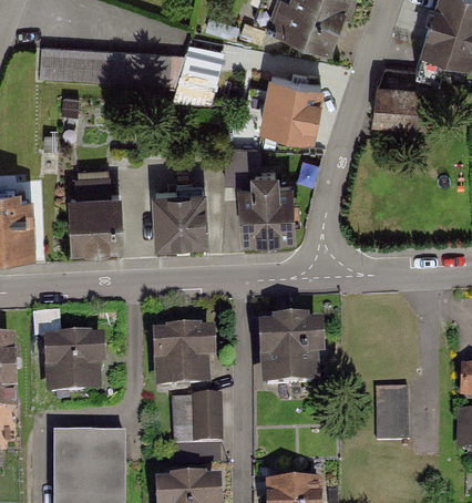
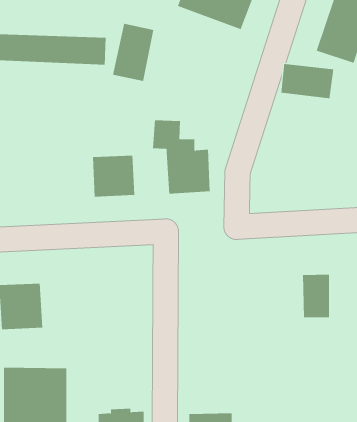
building: [259,74,321,147] -> none
building: [72,181,121,243] -> none
building: [265,325,321,383] -> none
building: [160,332,213,383] -> none
building: [377,388,409,439] -> [302,274,330,318]
building: [174,397,220,463] -> none

